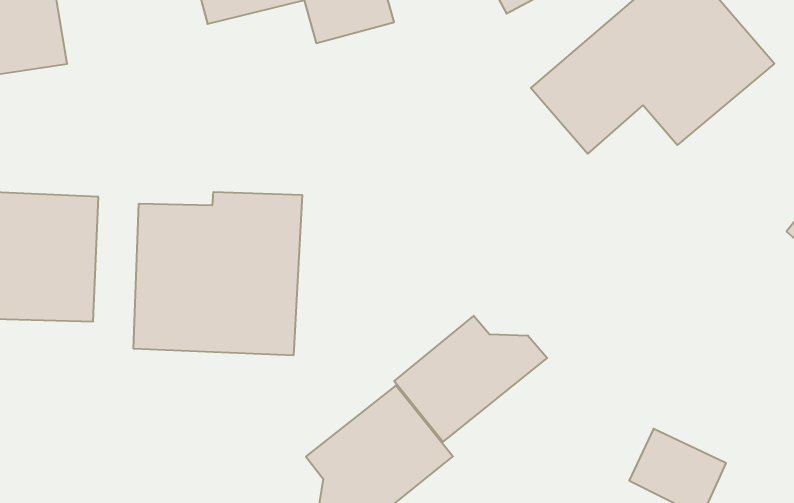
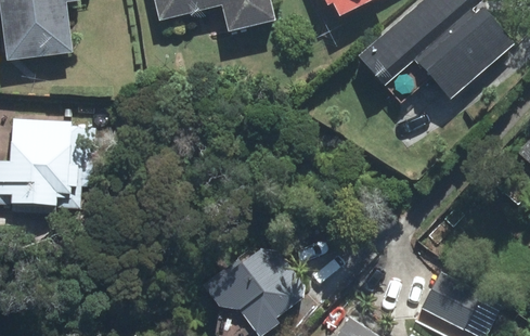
building: [134,192,302,355] -> none
building: [394,316,547,442] -> none

